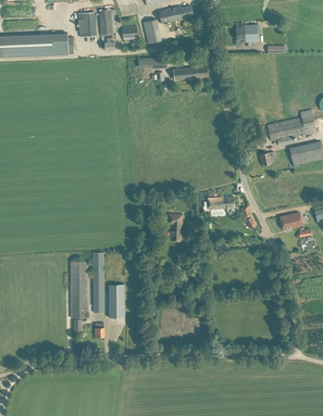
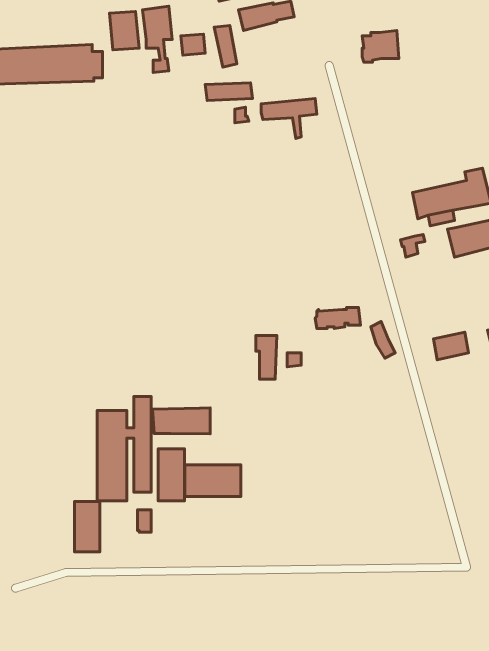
building: none -> [153,408,210,434]
building: none -> [185,465,241,497]
building: none -> [75,501,100,552]

